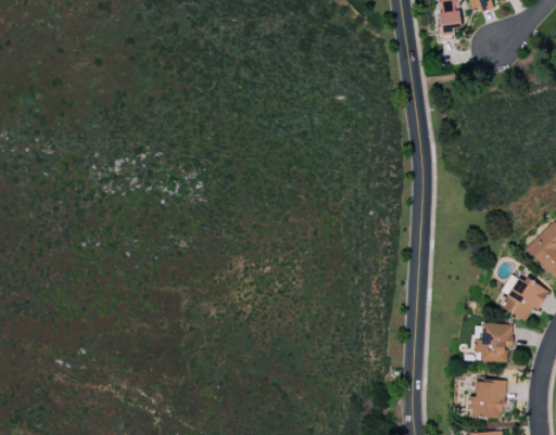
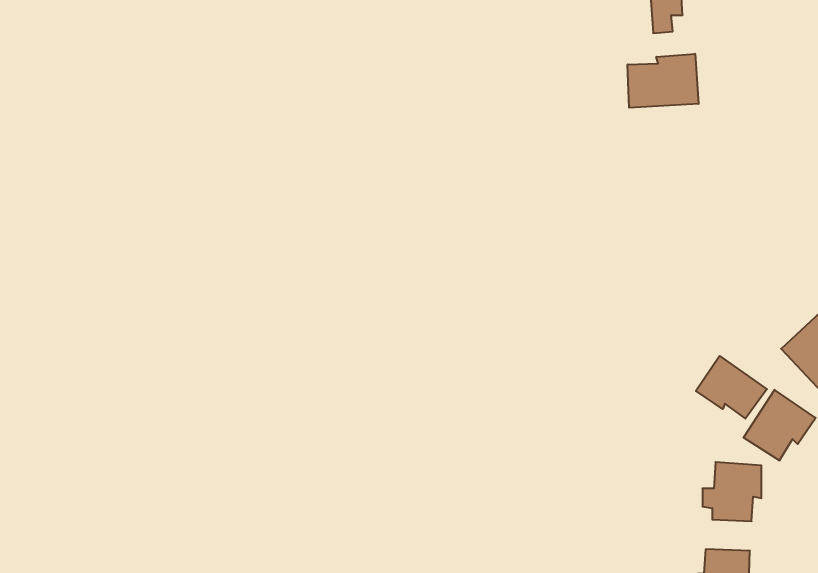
building: none -> [628,54,699,108]
building: none -> [696,356,767,419]

